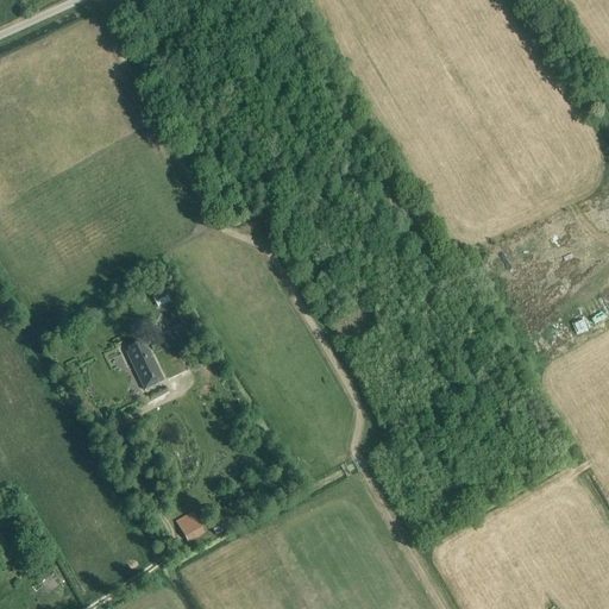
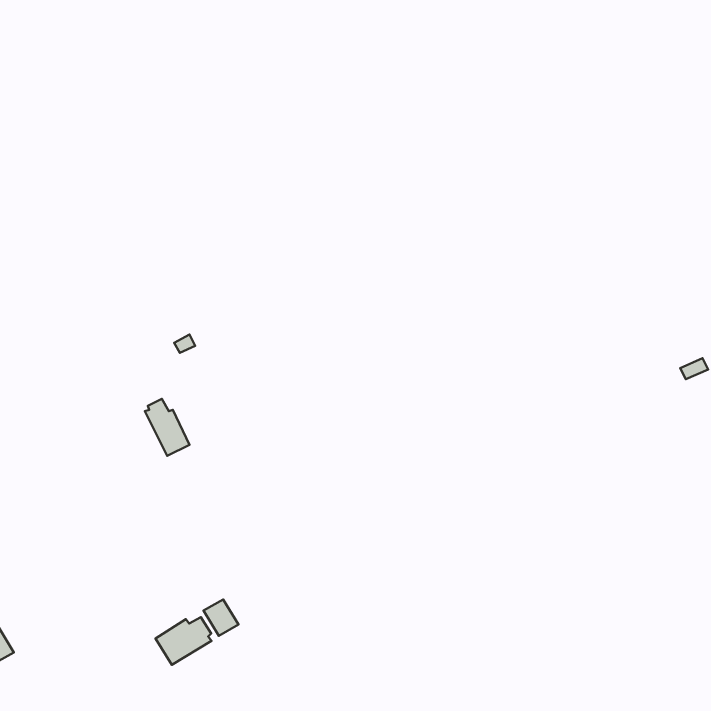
building: none -> [156,617,211,665]

